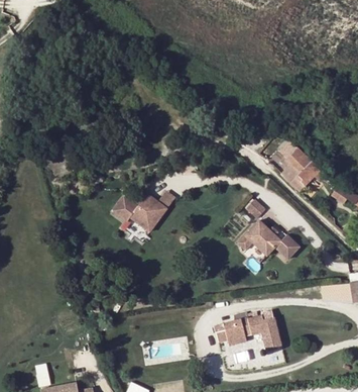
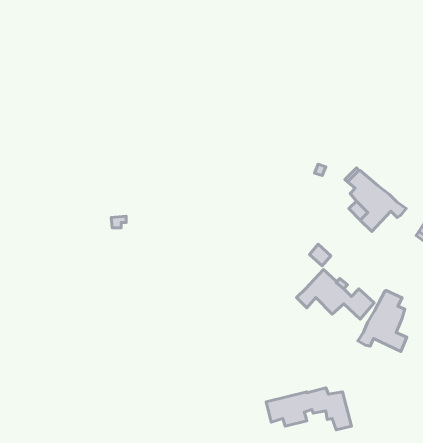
building: [113,196,168,235] -> none
building: none -> [358,291,407,351]

